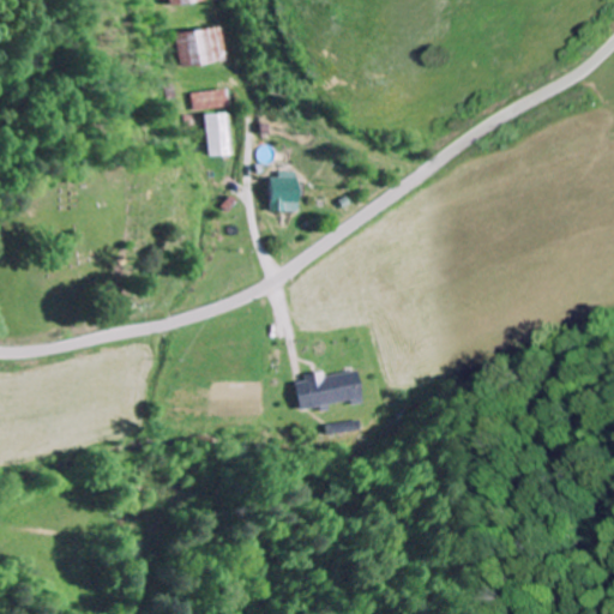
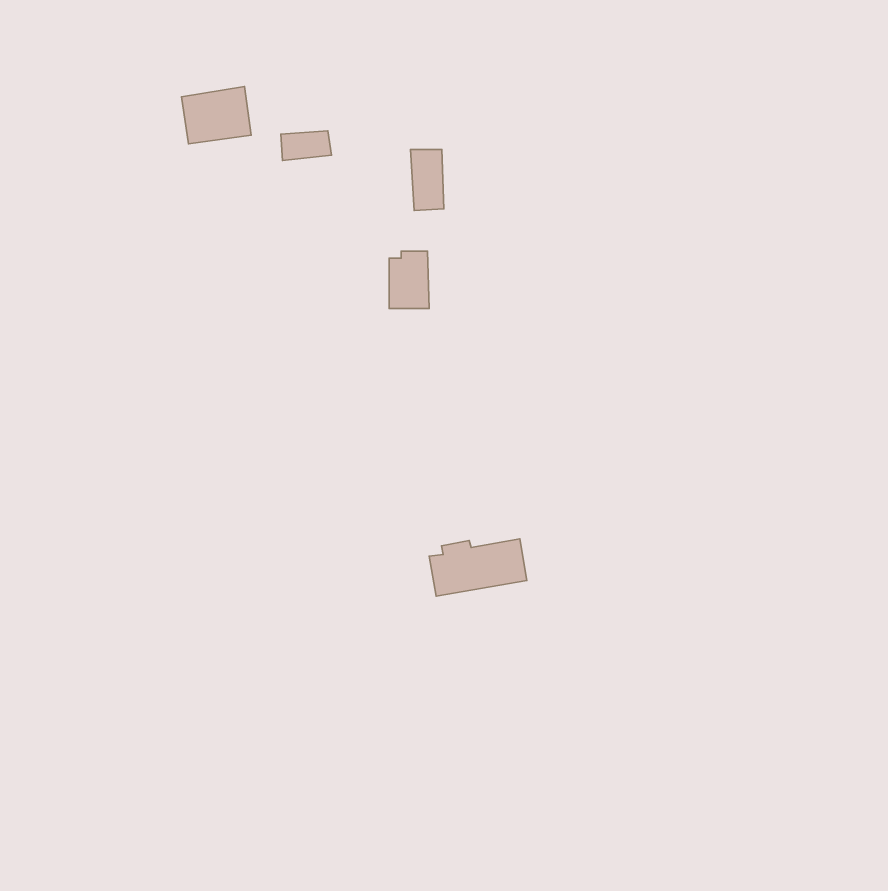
building: [179,26,227,66] -> [182,86,251,144]
building: [204,114,227,156] -> [411,150,444,211]

